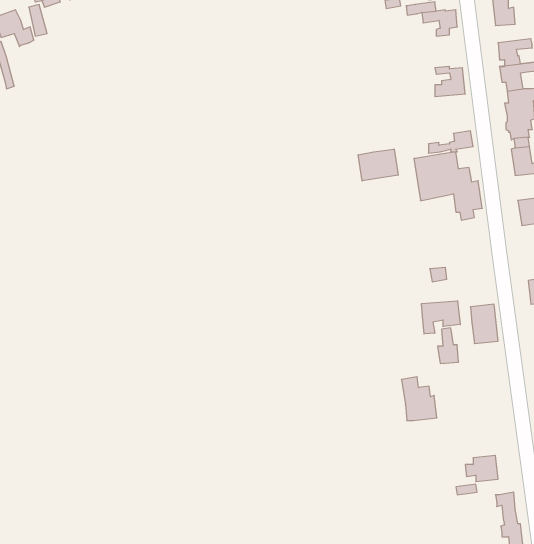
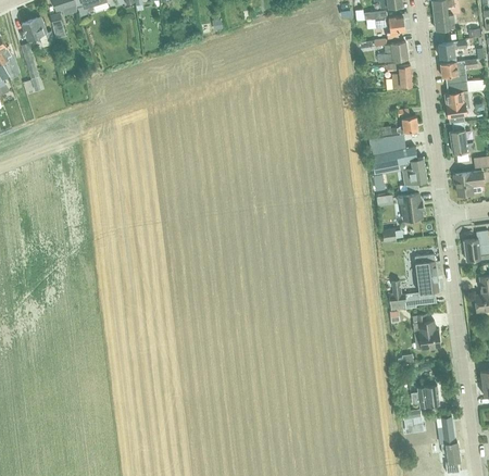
building: none -> [374,39,406,62]
building: [358,149,398,181] -> none
building: none -> [397,192,423,221]
building: [422,301,460,334] -> none
building: [401,377,437,420] -> [411,313,440,349]

